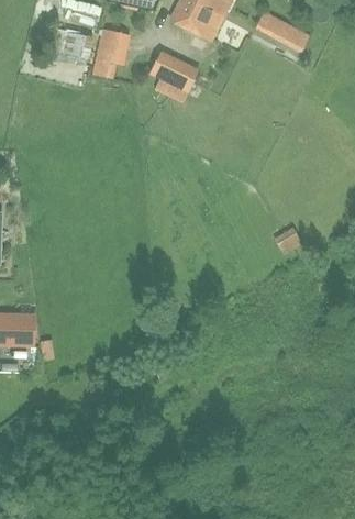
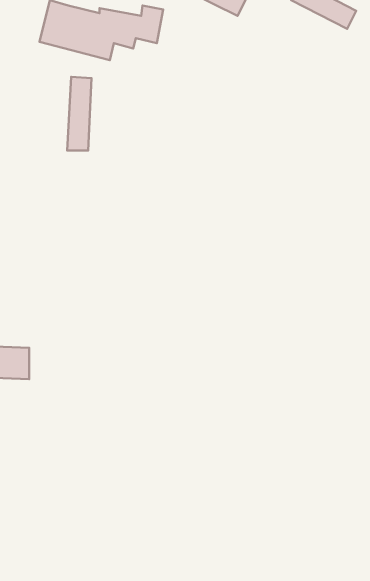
building: [148,54,197,92] -> none
building: none -> [67,77,92,151]

